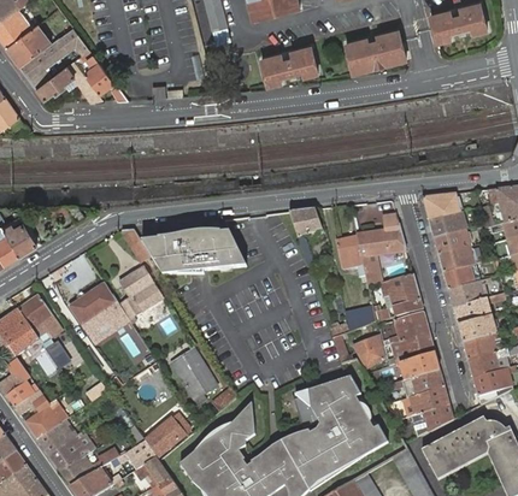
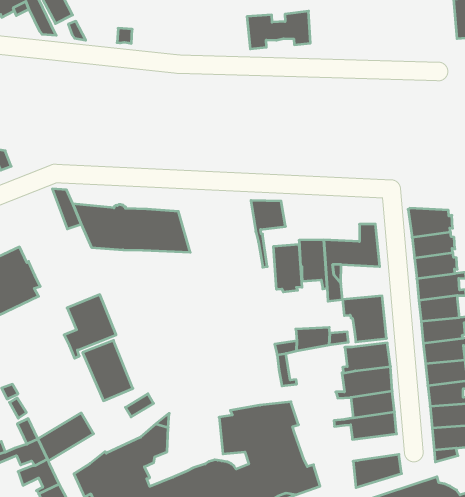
building: [346,29,410,76] -> none
building: none -> [274,244,302,292]
building: [118,266,163,323] -> [64,295,116,358]
building: [353,335,384,368] -> none
building: [404,386,448,417] -> none

